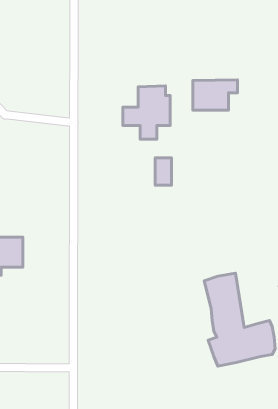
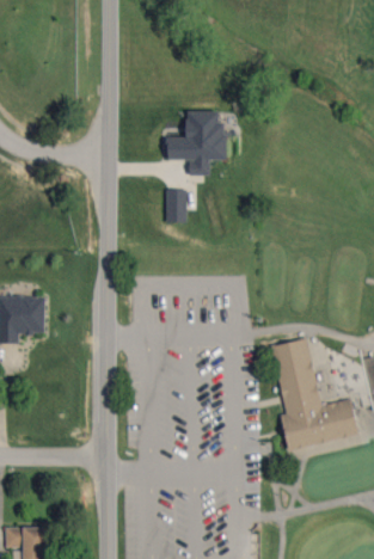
building: [193,80,238,110] -> none
building: [155,158,172,185] -> [166,188,186,221]

